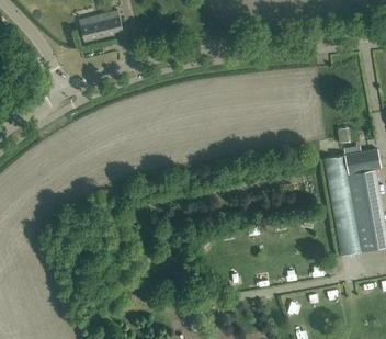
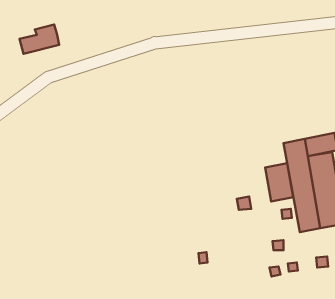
building: [80,10,123,42] -> [20,25,59,54]
building: none -> [265,163,293,202]

